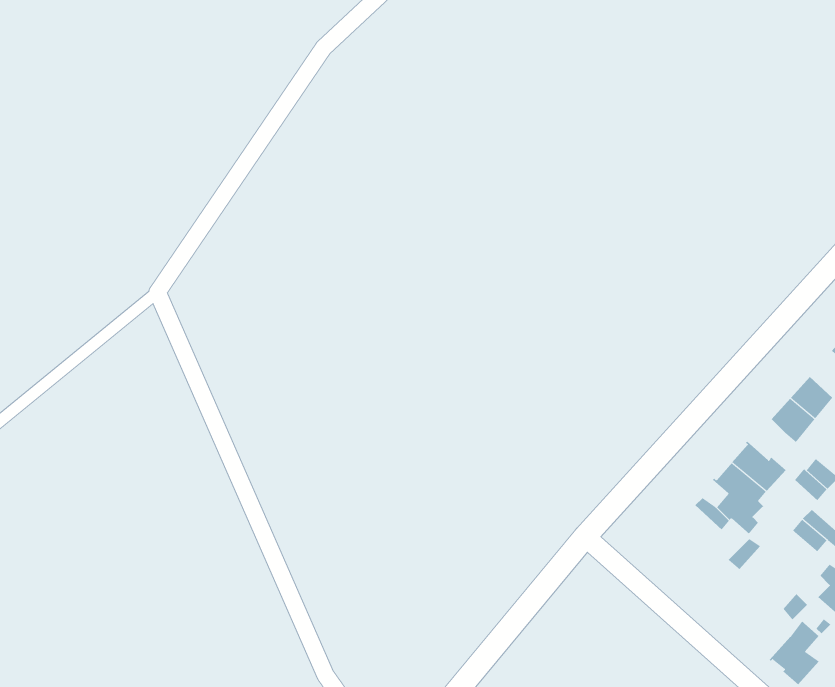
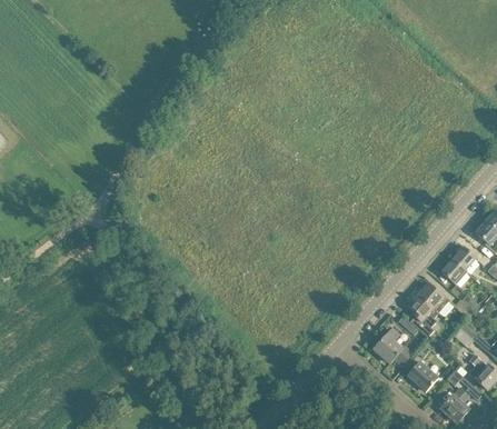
building: none -> [374,328,412,365]
building: none -> [407,361,438,391]

